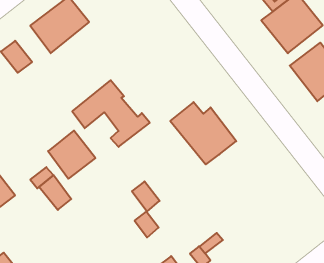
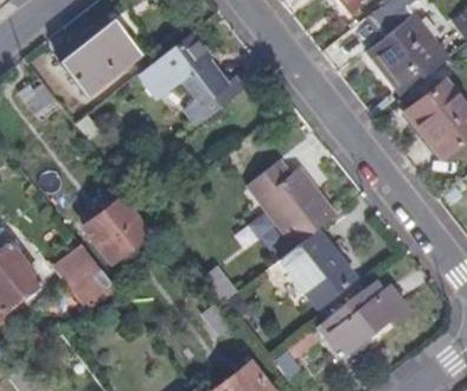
building: [72,80,150,147] -> [141,33,244,122]
building: none -> [276,230,352,308]
building: none -> [313,282,410,354]

